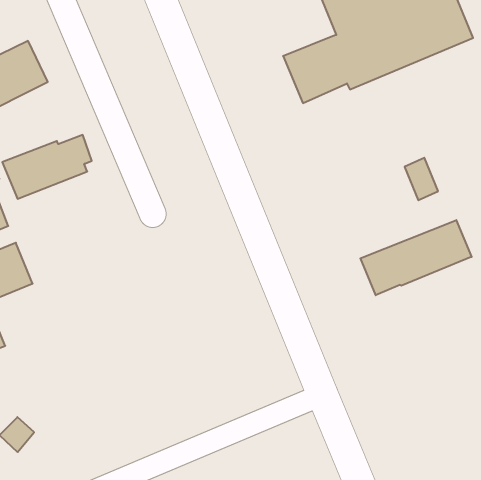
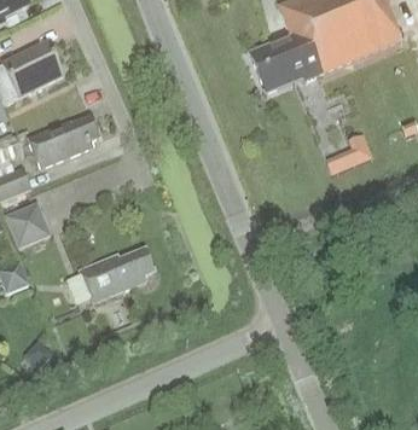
building: [360,220,472,295] -> none
building: none -> [80,249,153,301]

